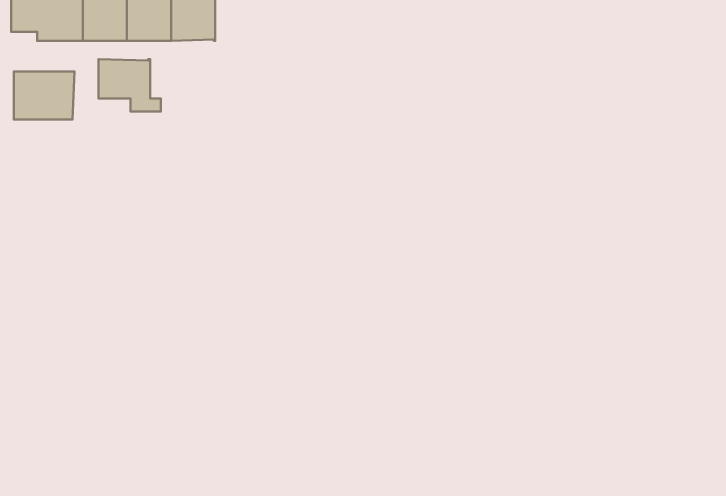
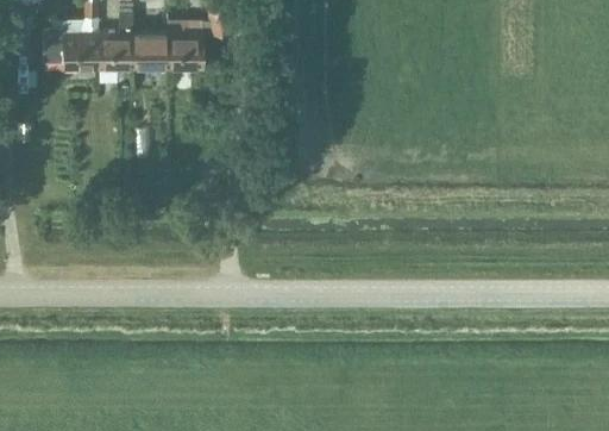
building: [98,59,161,111] -> none
building: [14,72,75,120] -> none

